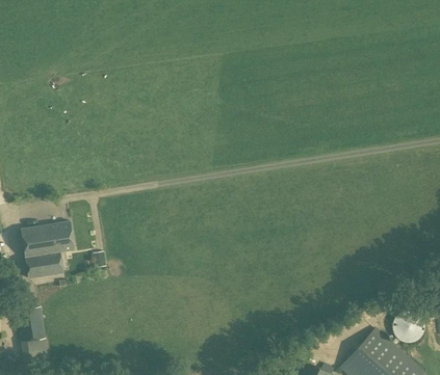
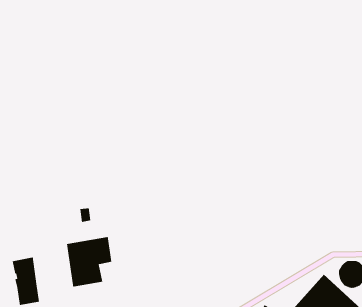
building: [21,220,74,278] -> [66,237,112,287]

